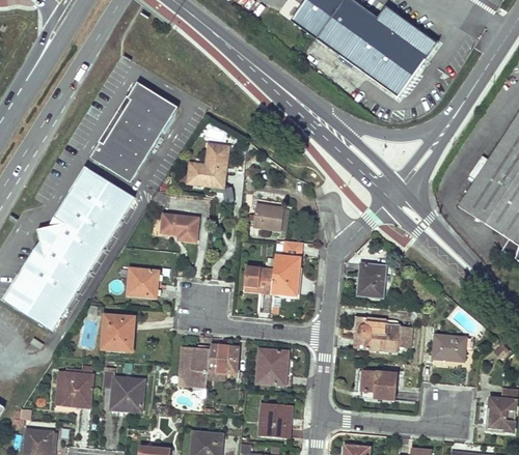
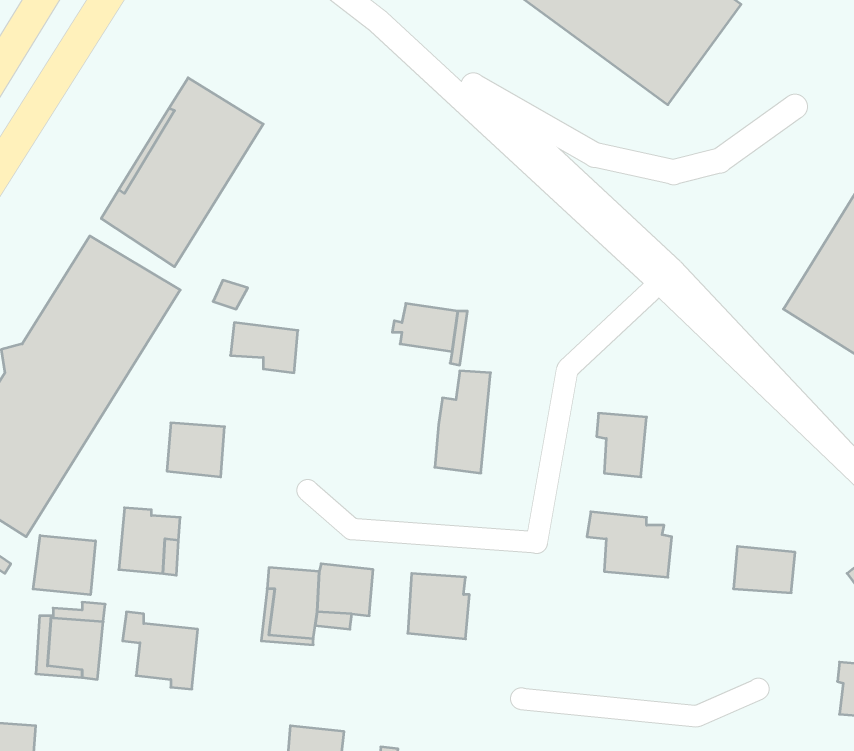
building: [187,143,228,187] -> none
building: [245,266,273,292] -> none
building: none -> [33,535,95,595]
building: [361,370,397,400] -> none
building: [258,403,292,436] -> none

